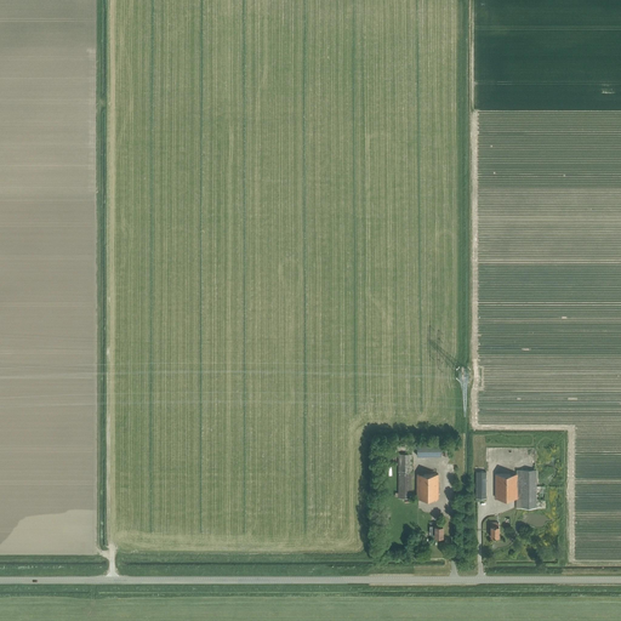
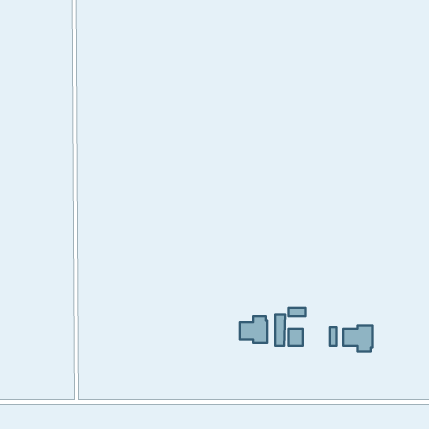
building: none -> [240,316,267,343]

